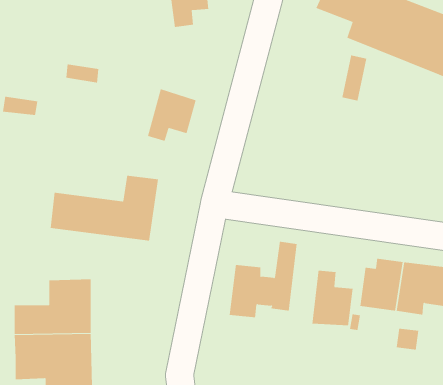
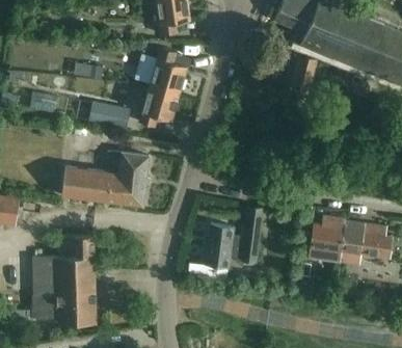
building: none -> [150,47,186,92]
building: none -> [88,102,129,128]
building: [312,270,353,326] -> none

